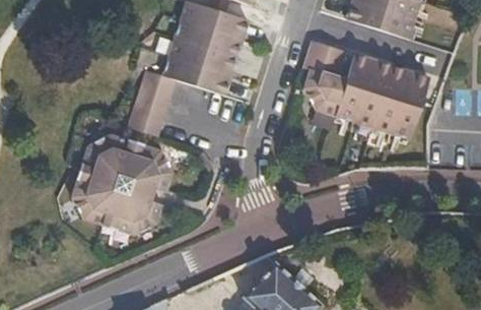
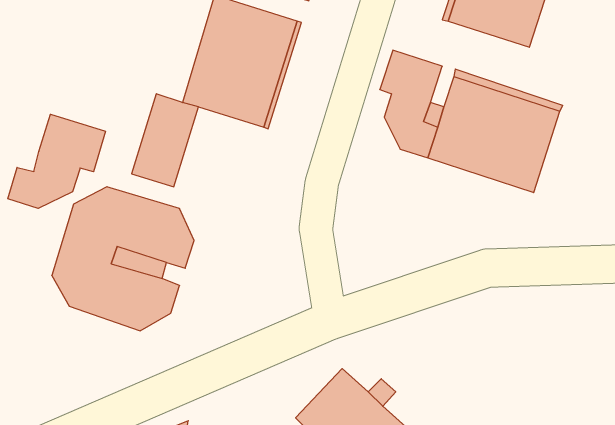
building: none -> [8,114,105,208]

